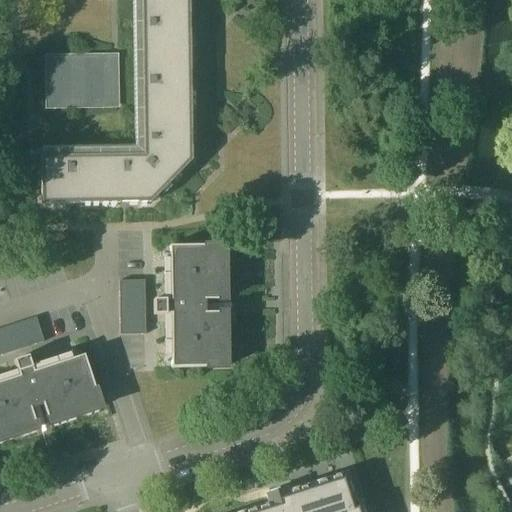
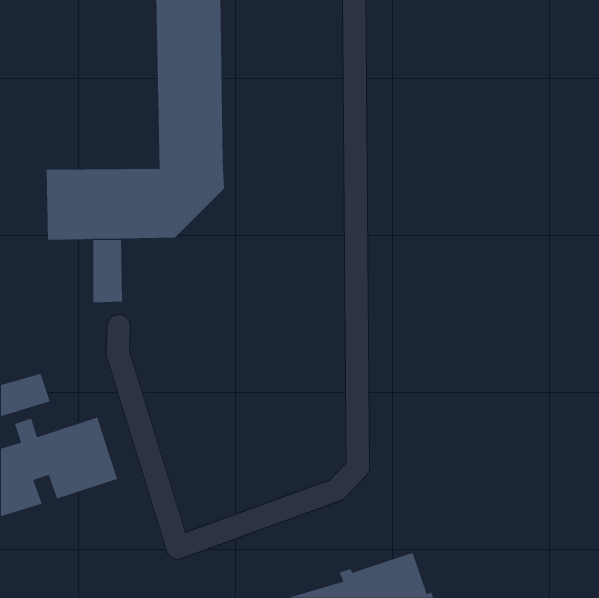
building: [45,53,120,108] -> none
building: [154,244,227,367] -> none
building: [120,280,146,334] -> [92,239,123,303]

